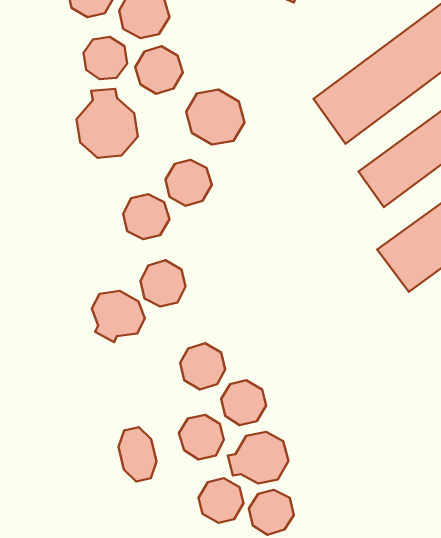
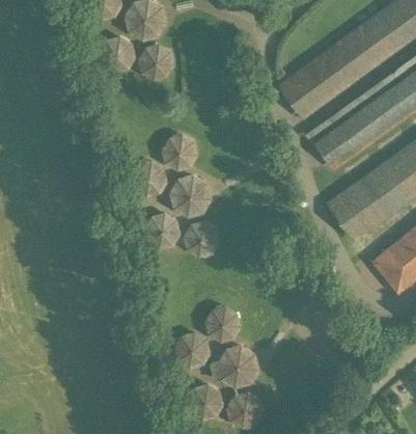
building: [77,89,138,158] -> none
building: [186,90,244,145] -> none
building: none -> [169,177,211,217]
building: [92,291,145,342] -> none
building: [180,343,225,389] -> [184,221,219,257]
building: [118,427,156,481] -> none

